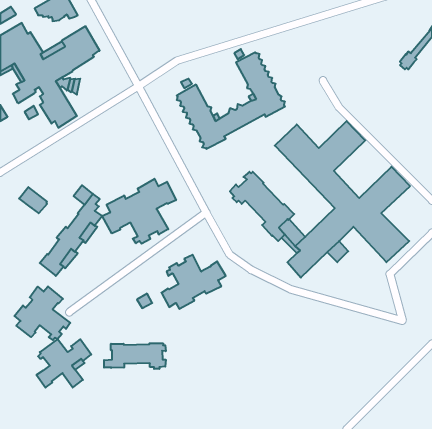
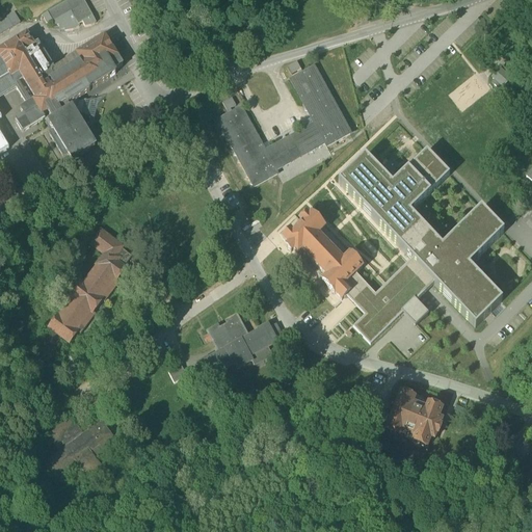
building: [102,179,176,244] -> none
building: [19,187,47,213] -> none
building: [14,286,70,340] -> none
building: none -> [385,391,441,444]
building: [104,343,166,369] -> none

